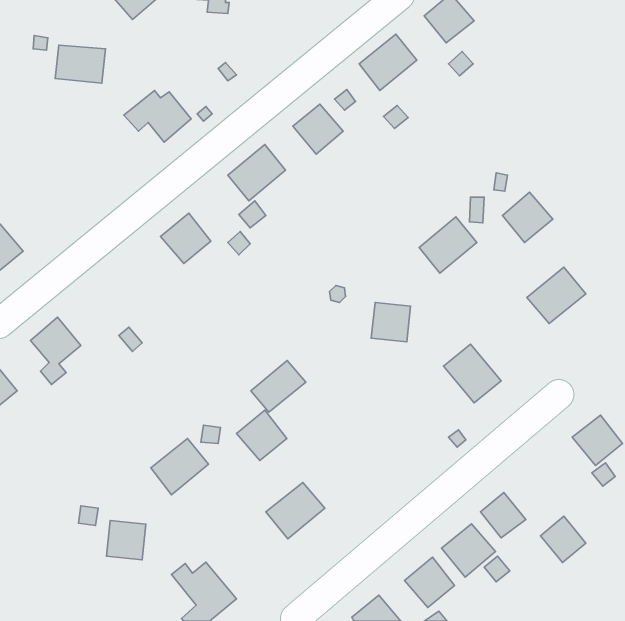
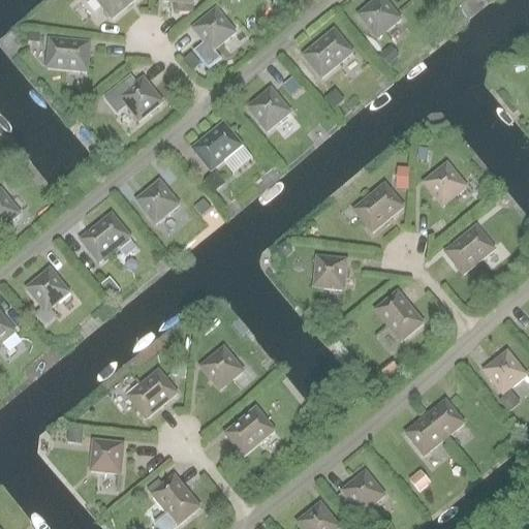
building: none -> [192,7,235,67]
building: none -> [80,213,129,260]
building: [251,361,306,412] -> none
building: [540,516,586,563] -> [425,399,463,438]
building: [441,524,495,577] -> none

